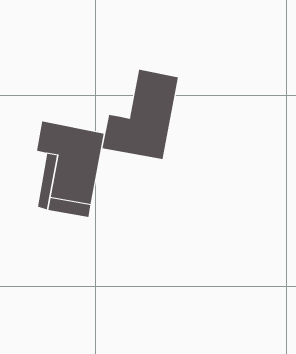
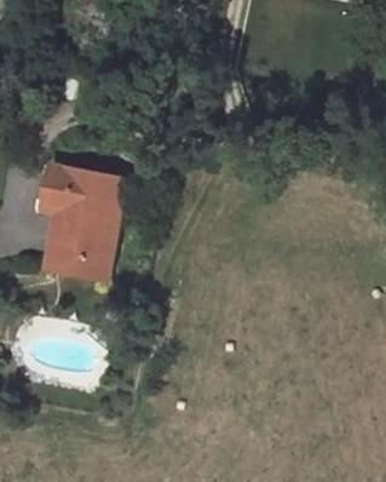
building: [102,69,178,160] -> none

